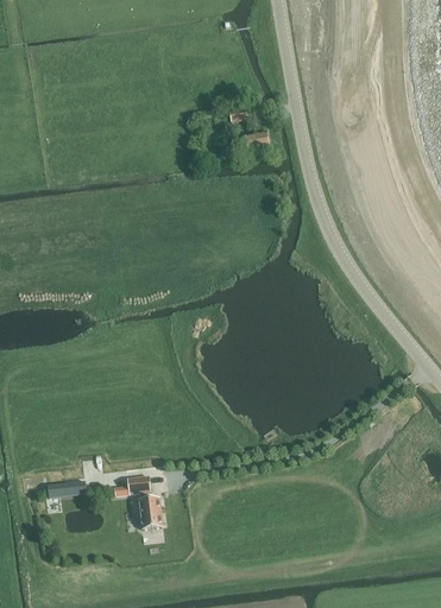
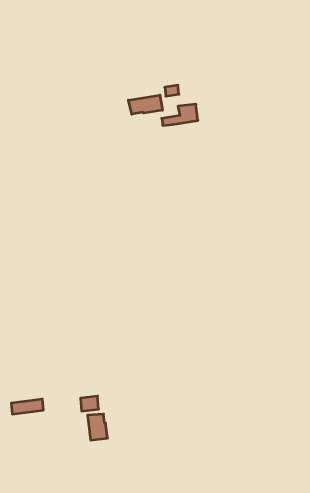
building: none -> [128,95,162,114]

